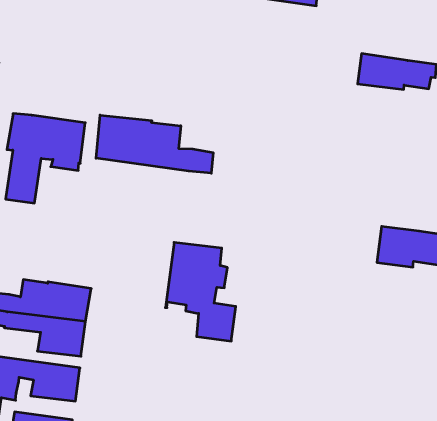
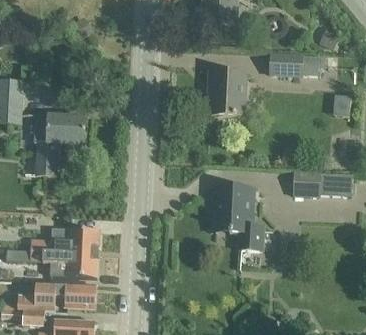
building: none -> [210,70,246,115]
building: [96,115,213,173] -> none
building: [165,242,236,341] -> [216,185,264,249]

